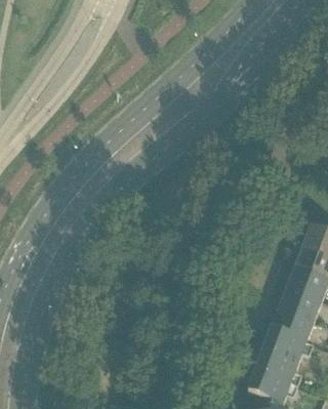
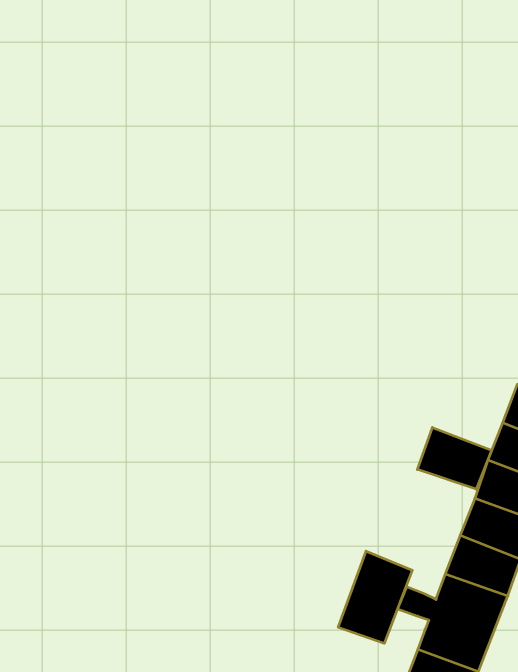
building: none -> [417,427,491,489]
building: none -> [338,551,412,643]

